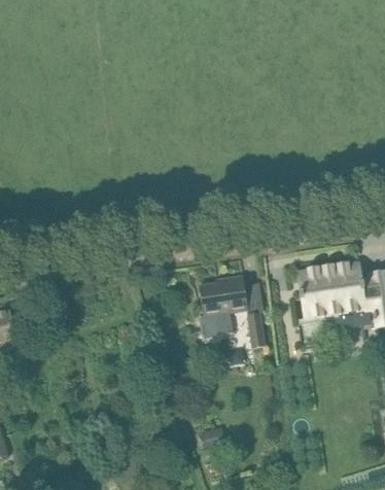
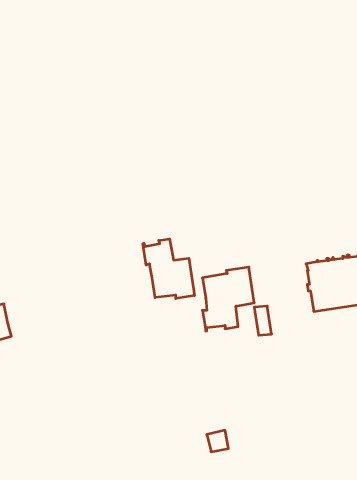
building: none -> [143,239,194,299]

